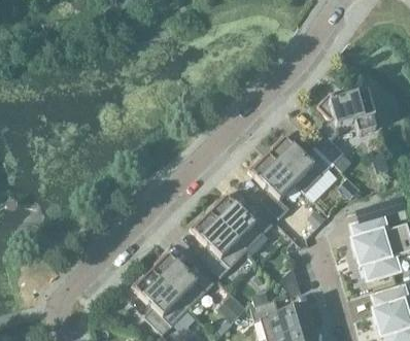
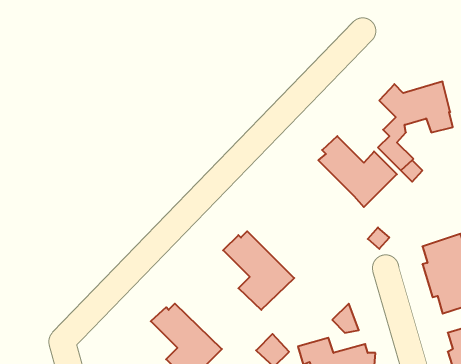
building: [247,155,296,218] -> none
building: [209,193,273,250] -> none
building: [150,251,214,308] -> none

